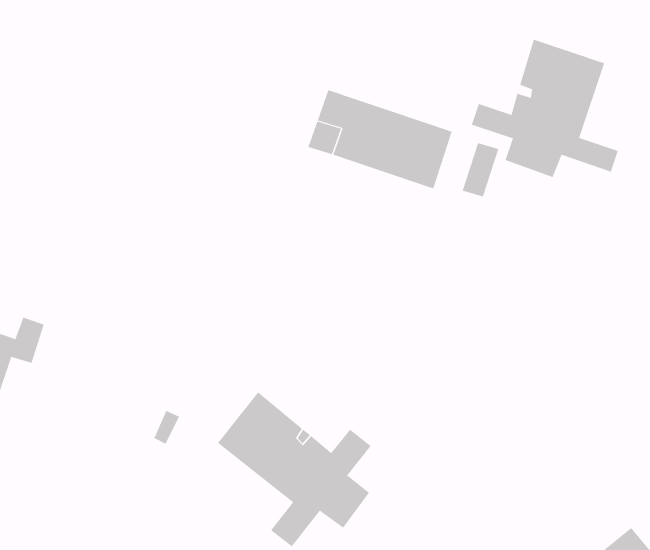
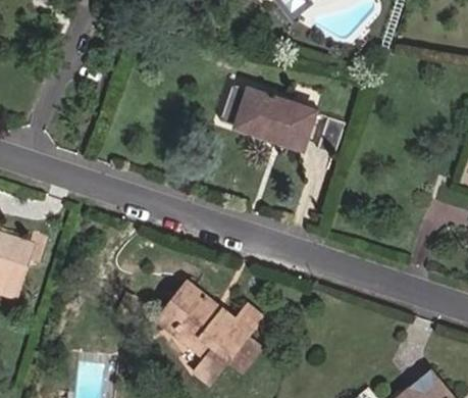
building: [471,39,619,178] -> none

